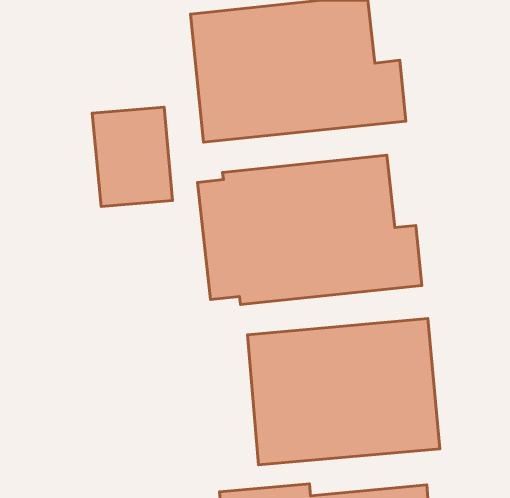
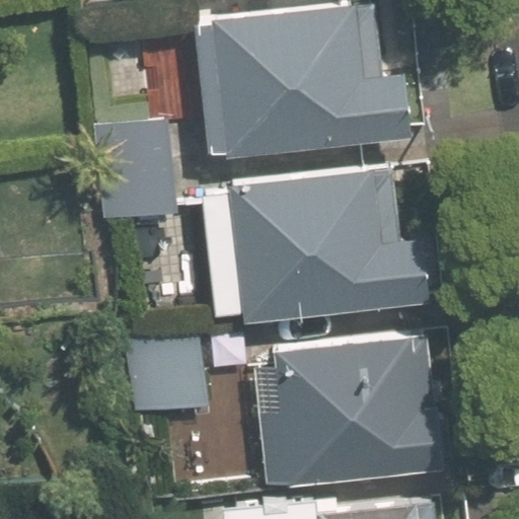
building: none -> [127,337,210,416]

